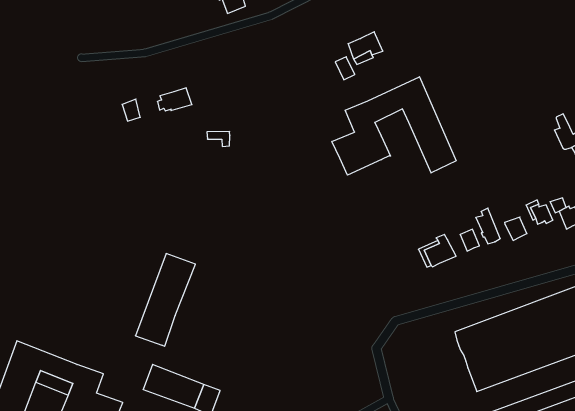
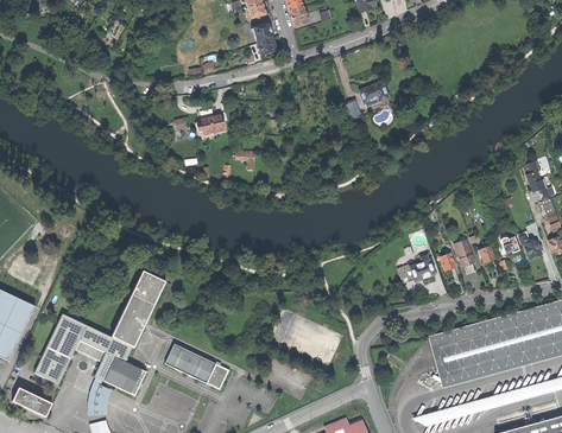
building: [332,77,456,175] -> none
building: [135,254,195,346] -> [112,272,166,349]

